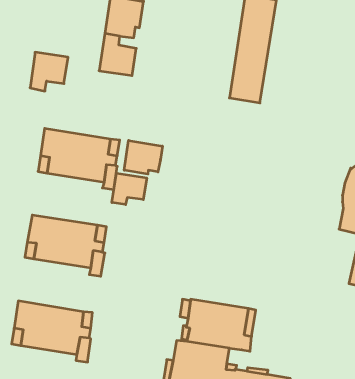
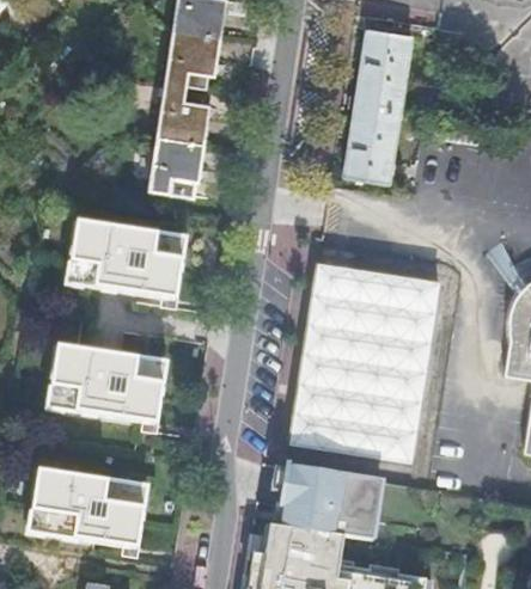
building: [30,52,68,91] -> [148,136,203,192]
building: [124,140,162,174] -> none
building: none -> [291,268,440,466]
building: [112,173,147,205] -> none

